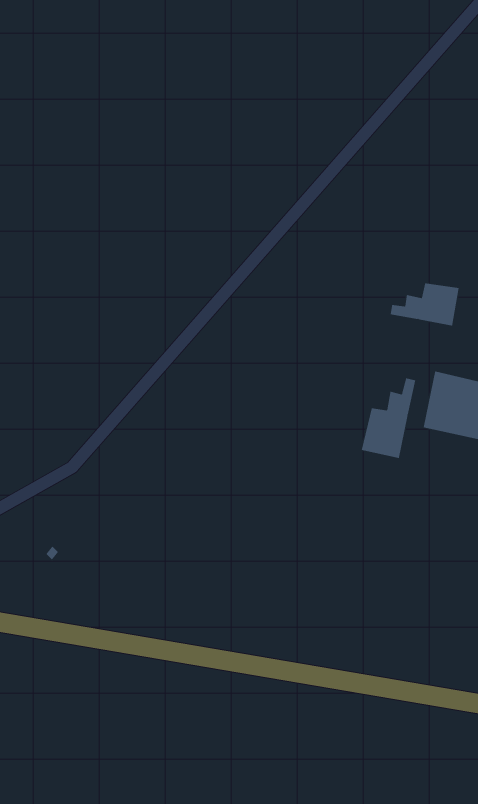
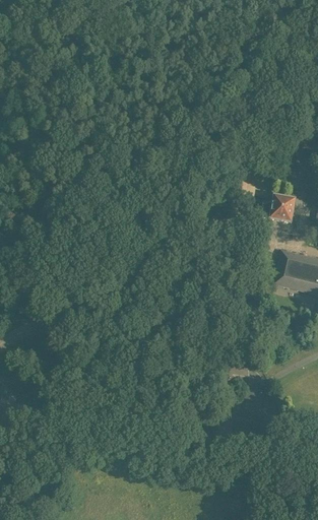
building: [361,377,416,459] -> none

